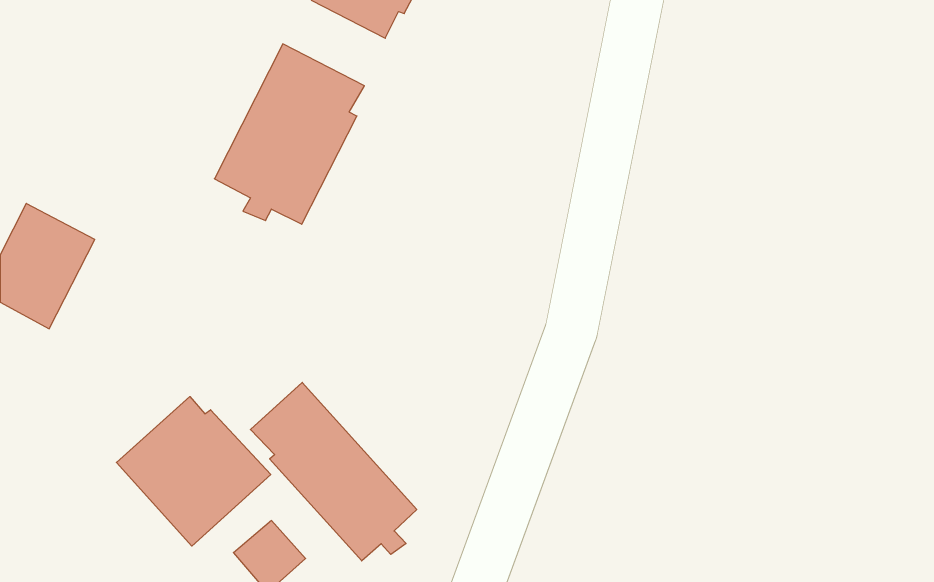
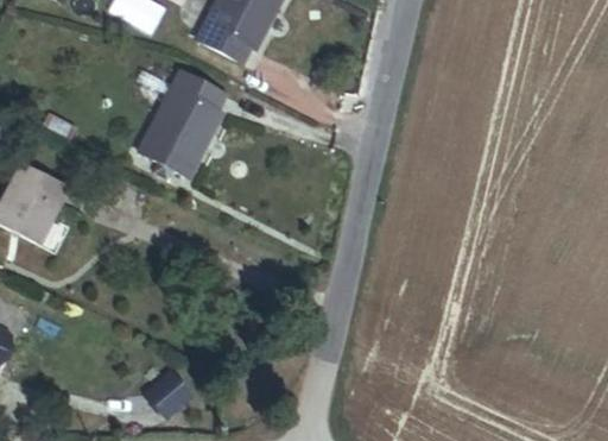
building: [250,382,417,561] -> none
building: [116,397,271,546] -> none

